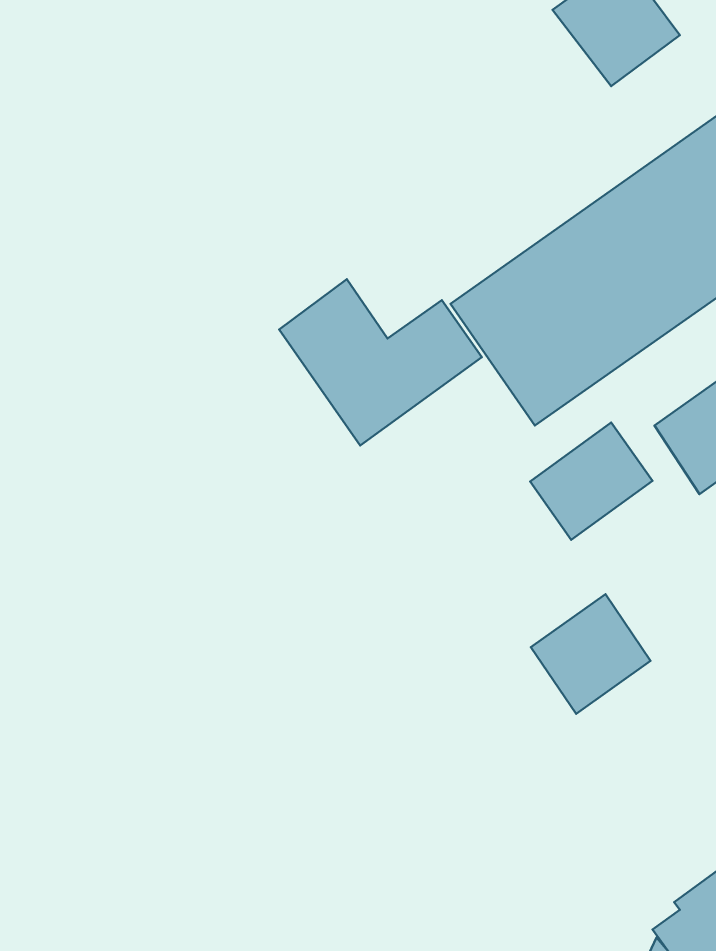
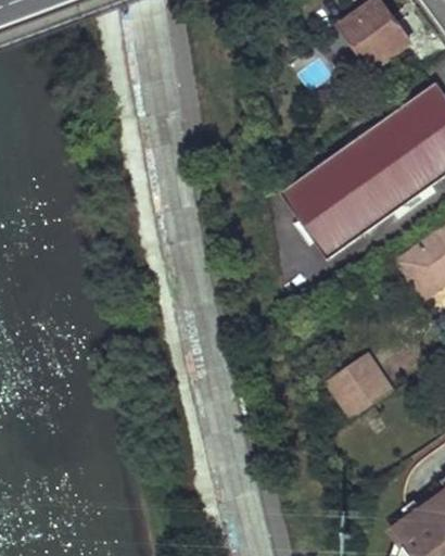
building: [279,279,482,446] -> none
building: [530,422,652,540] -> none

